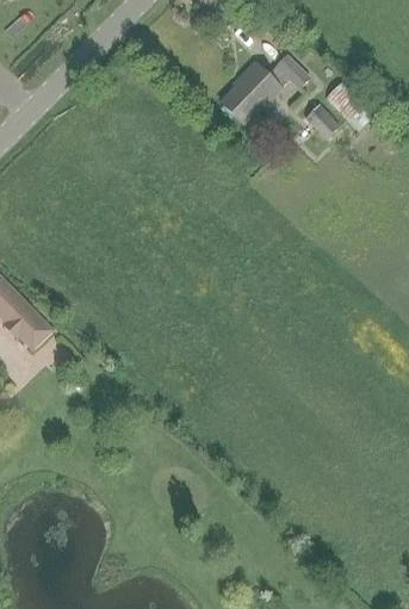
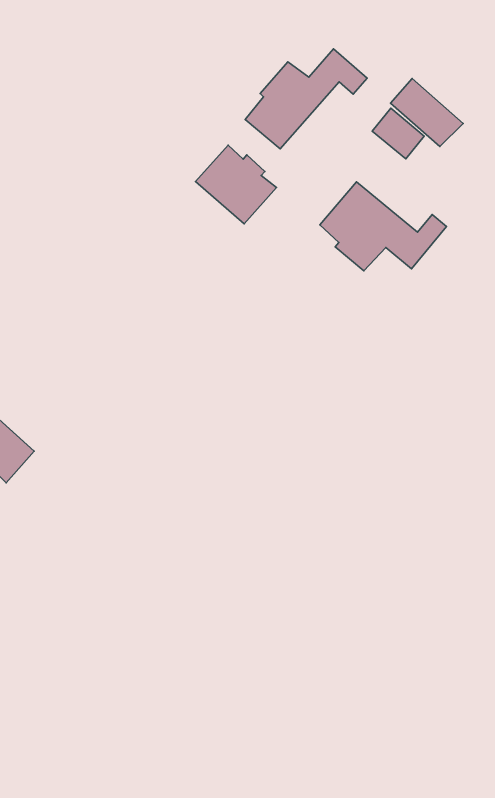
building: none -> [196,145,277,224]
building: none -> [320,182,447,271]

